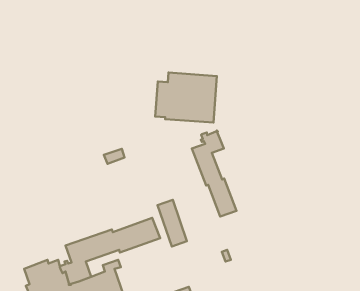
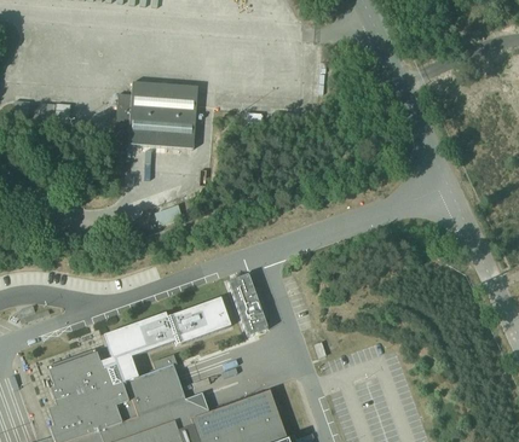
building: [155,72,217,123] -> [114,82,197,150]
building: [192,130,237,216] -> none

